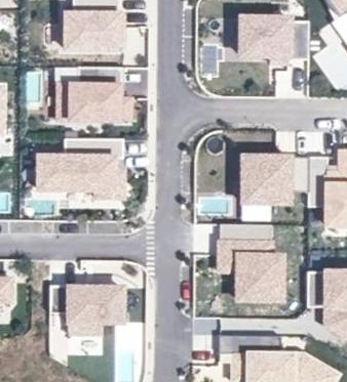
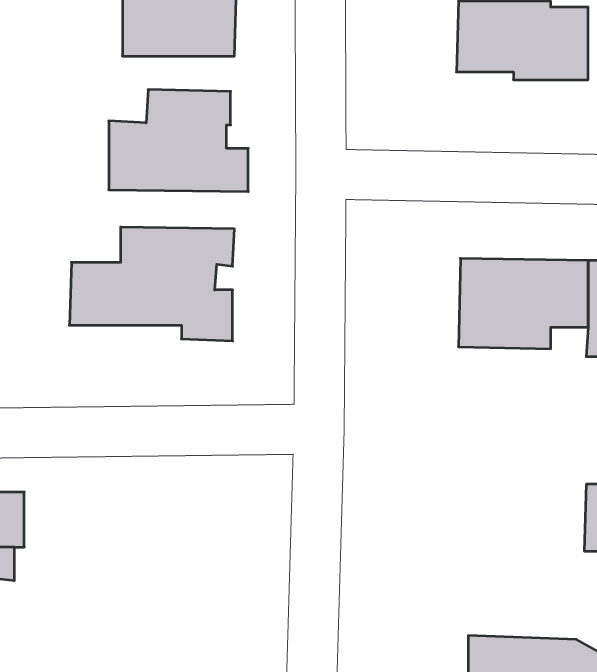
building: [219,224,281,299] -> none
building: [49,286,120,334] -> none

